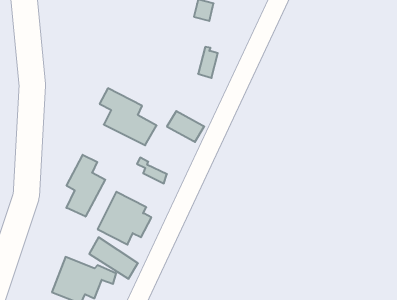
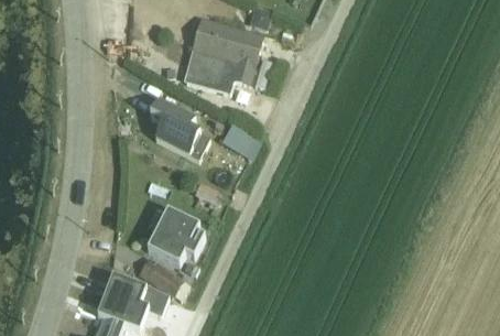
building: none -> [183,18,260,91]
building: [66,155,105,217] -> none

